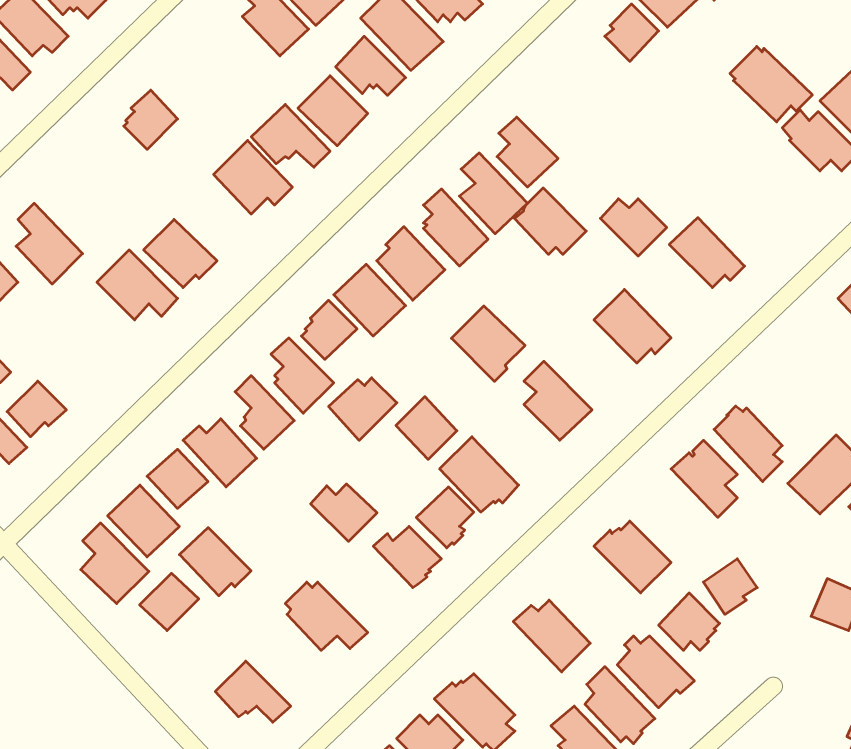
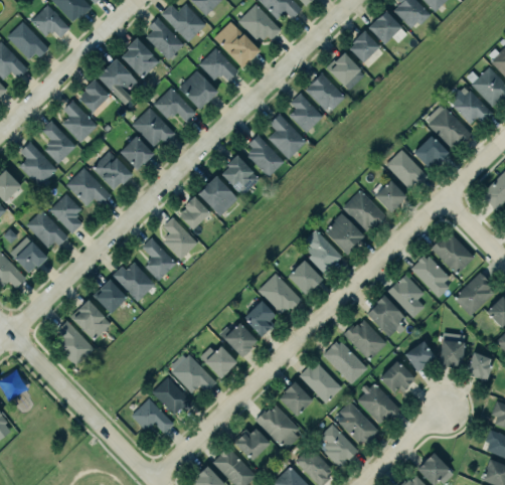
building: none -> [123,37,160,78]
building: none -> [327,52,365,91]
building: [730,46,812,122] -> [426,106,472,148]
building: none -> [98,58,138,105]
building: none -> [62,101,98,143]
building: none -> [42,121,76,164]
building: [514,188,586,254] -> [306,72,346,110]
building: none -> [414,135,450,166]
building: none -> [120,136,154,170]
building: [600,199,667,256] -> [370,180,407,212]
building: none -> [49,193,82,233]
building: [451,306,525,381] -> [324,213,365,256]
building: none -> [26,209,68,249]
building: none -> [432,234,475,275]
building: [329,378,397,440] -> none
building: [396,397,457,459] -> [289,260,323,295]
building: none -> [367,295,406,337]
building: [311,484,377,541] -> [201,346,238,378]
building: [179,528,251,596] -> [152,377,192,416]
building: none -> [440,339,465,368]
building: none -> [324,342,367,384]
building: [140,573,199,631] -> none
building: none -> [280,381,314,417]

